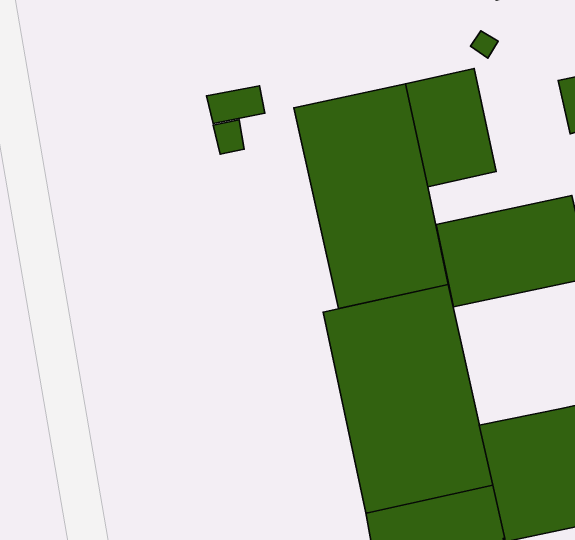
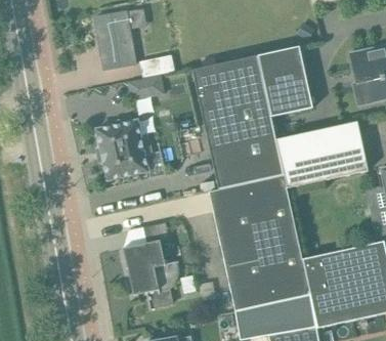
building: none -> [95,10,136,69]
building: none -> [96,120,151,179]
building: none -> [123,222,178,307]

